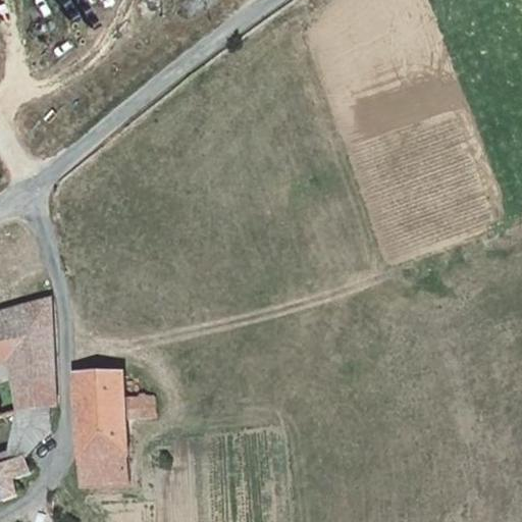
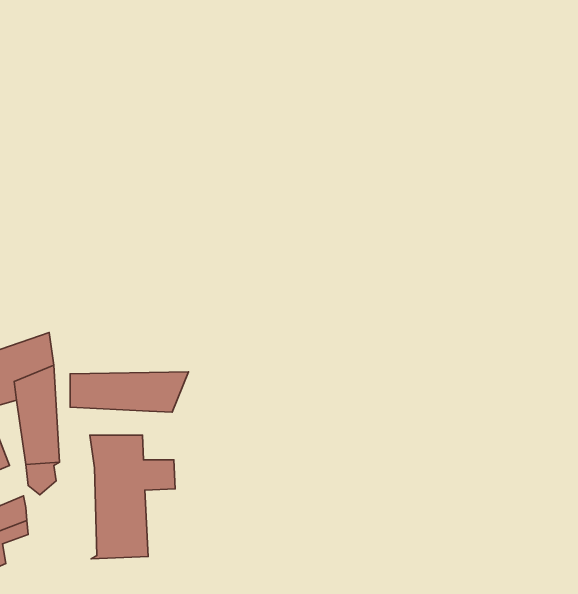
building: none -> [70,372,188,412]

